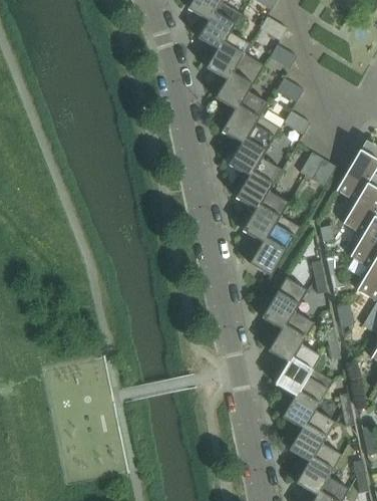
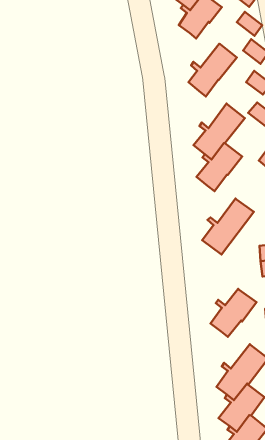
building: [207,31,250,80] -> none
building: [223,91,268,144] -> none
building: [243,191,289,243] -> none
building: [262,277,308,329] -> none
building: [276,343,321,396] -> none

